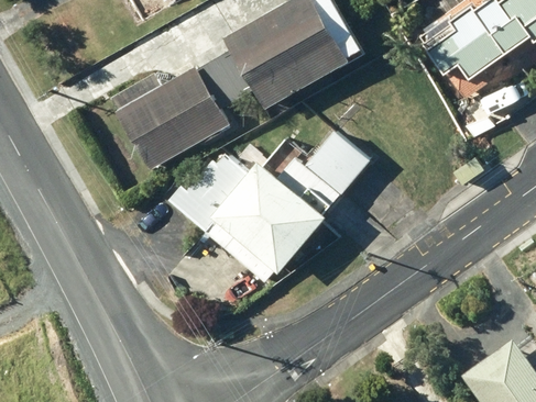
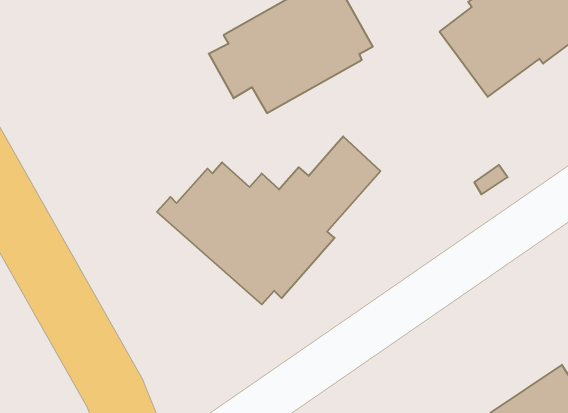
building: [106,57,234,167] -> none

